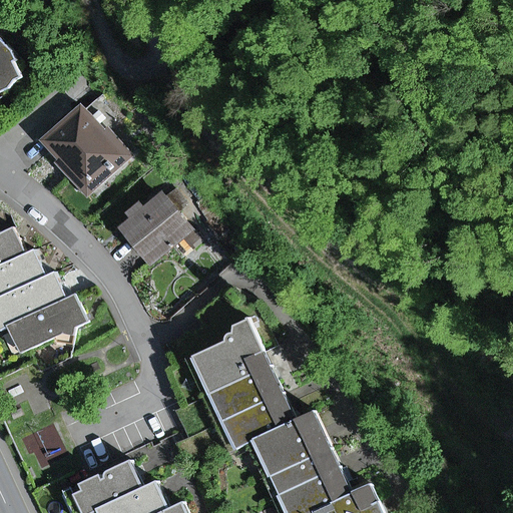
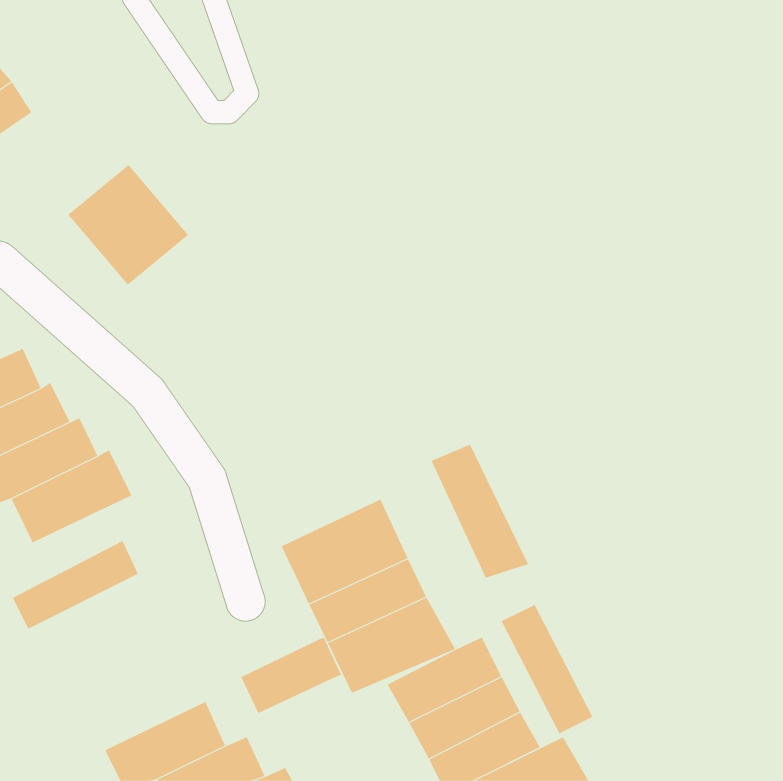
building: [117,189,196,267] -> none
building: none -> [431,444,529,579]
building: none -> [12,540,139,630]
building: none -> [501,604,593,734]
building: none -> [240,636,342,714]

